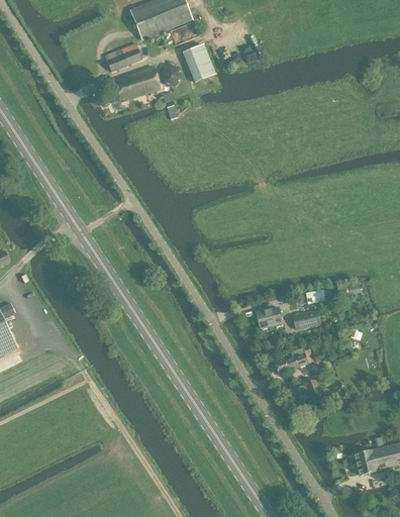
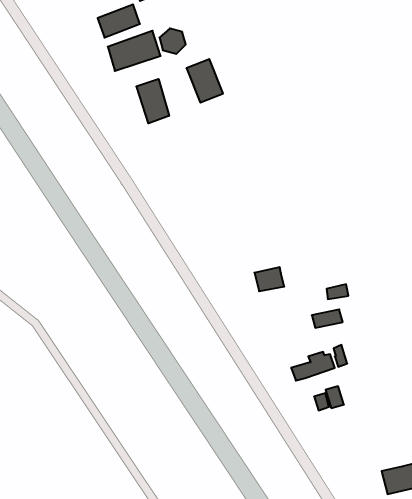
building: [182,43,214,82] -> [186,59,223,103]
building: none -> [136,79,169,123]
building: [257,306,283,327] -> [254,267,284,291]

